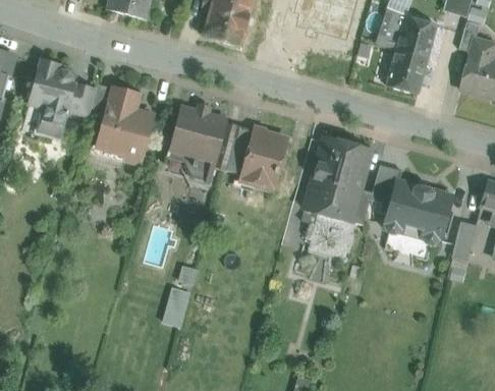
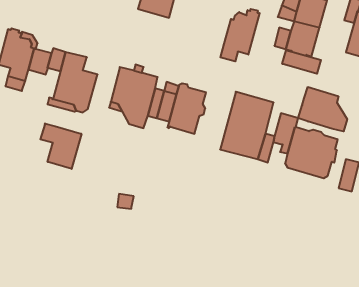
building: none -> [220,9,260,61]
building: none -> [282,50,321,74]
building: none -> [298,87,347,131]
building: none -> [40,123,81,169]
building: [162,285,191,327] -> none

